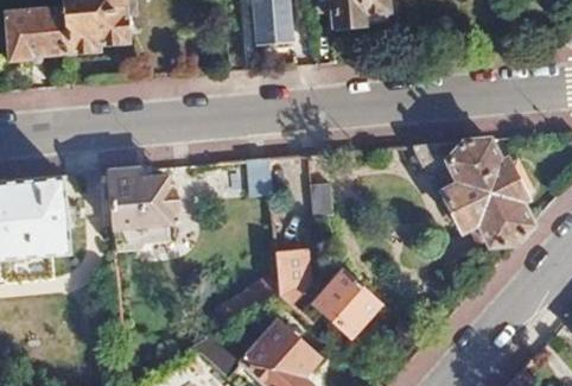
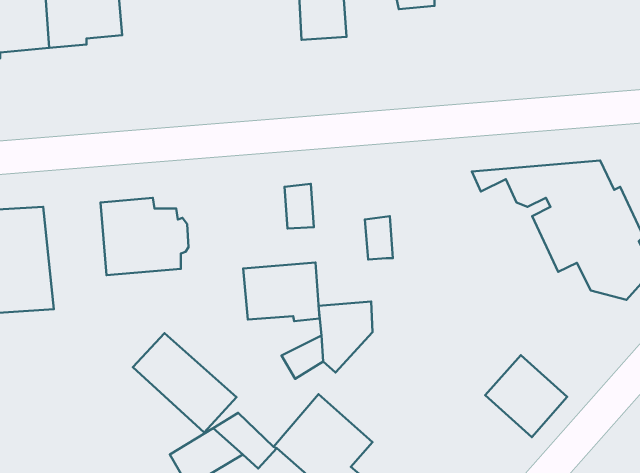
building: none -> [243,262,319,321]
building: [319,267,382,330] -> [485,355,567,437]
building: none -> [133,333,237,433]

